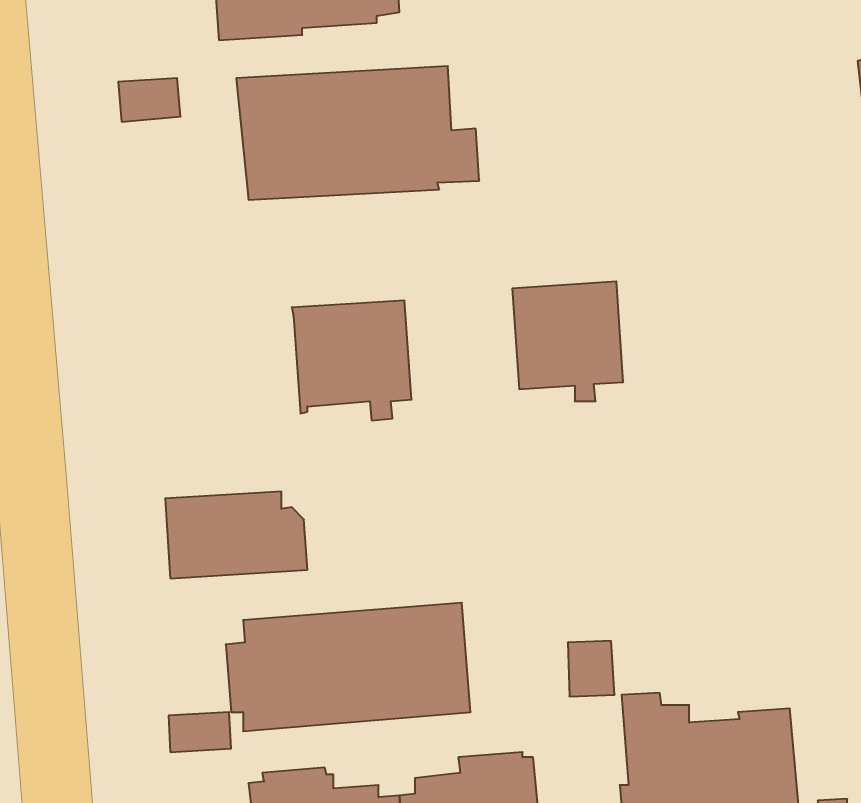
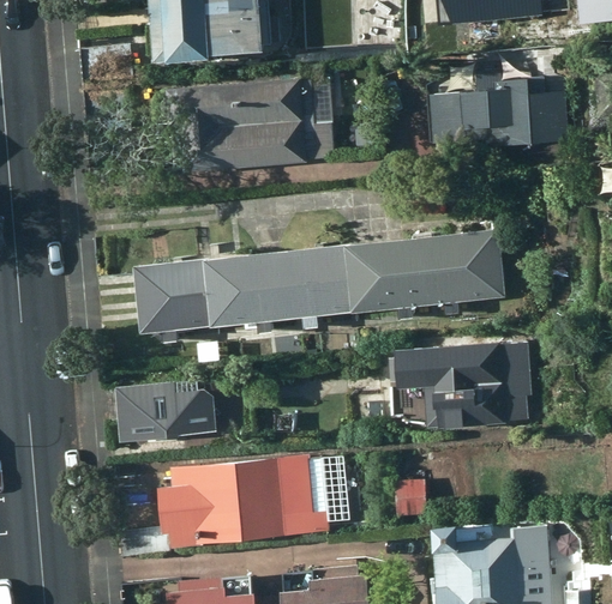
building: none -> [428,76,568,156]
building: none -> [427,231,504,315]
building: none -> [281,240,360,327]
building: none -> [132,259,209,340]
building: none -> [395,342,530,428]

